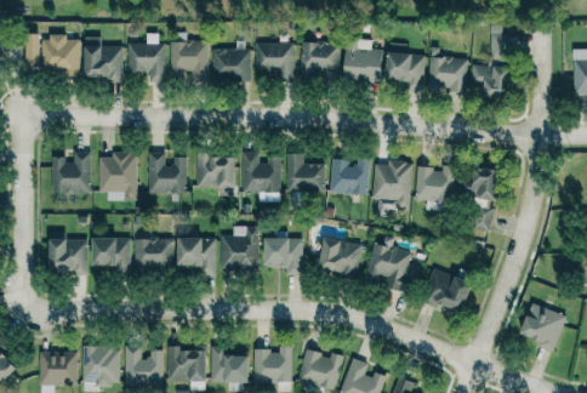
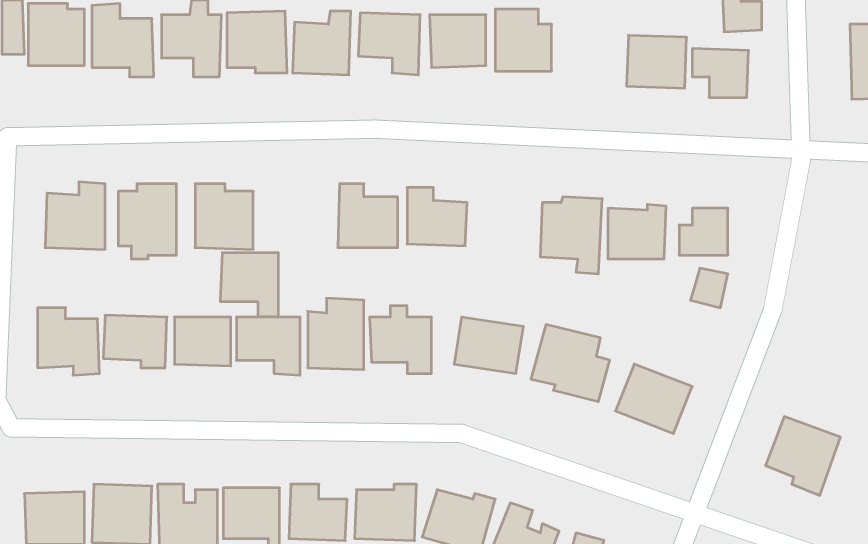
building: [384,42,424,92] -> none
building: [196,155,234,196] -> [220,253,278,317]
building: [330,158,369,194] -> none

